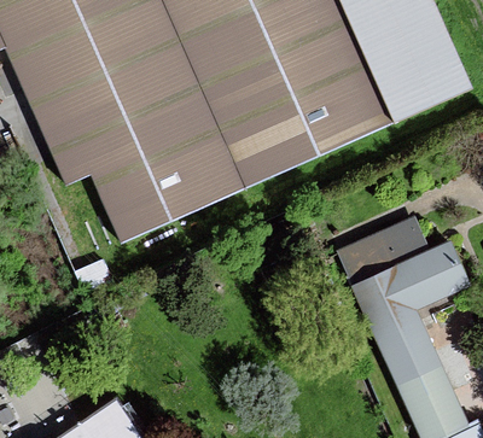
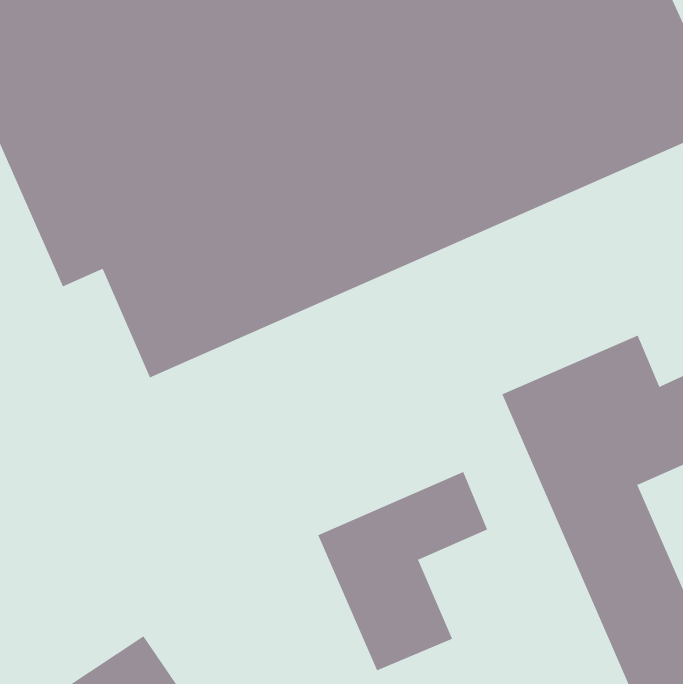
building: none -> [318,471,488,671]

